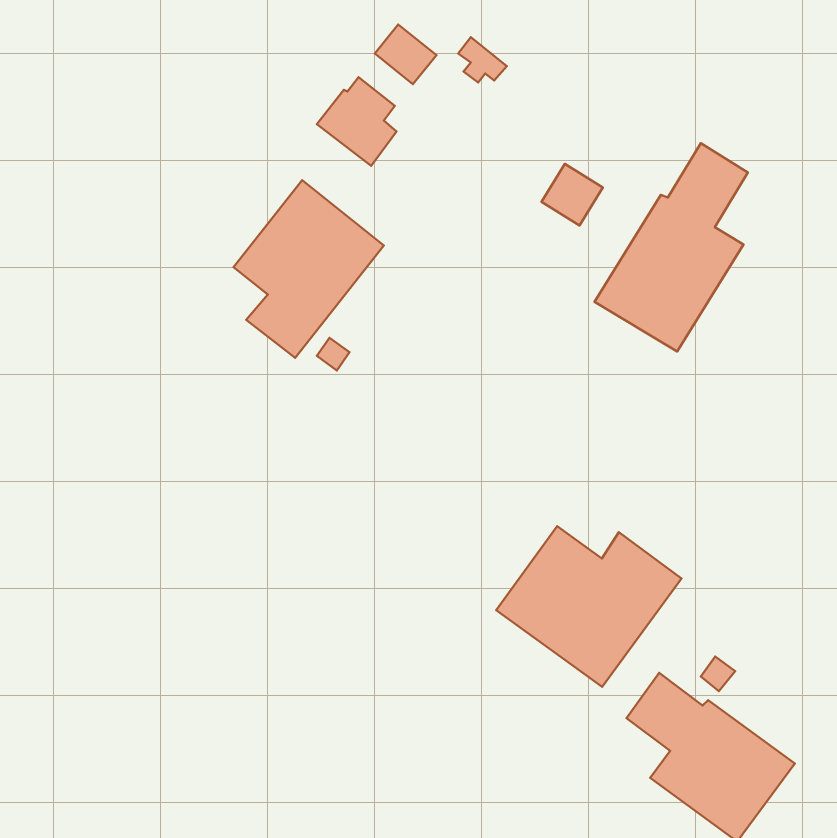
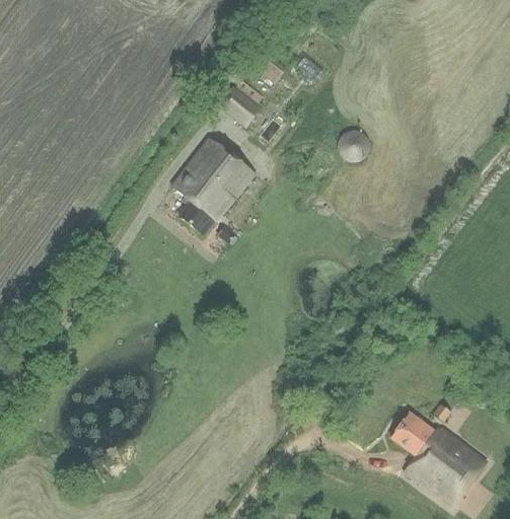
building: [595,143,748,352] -> none
building: [496,526,681,687] -> none

